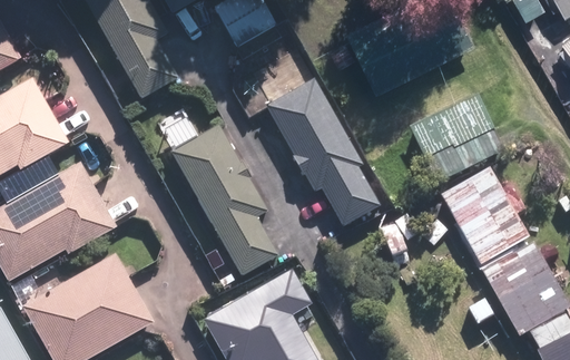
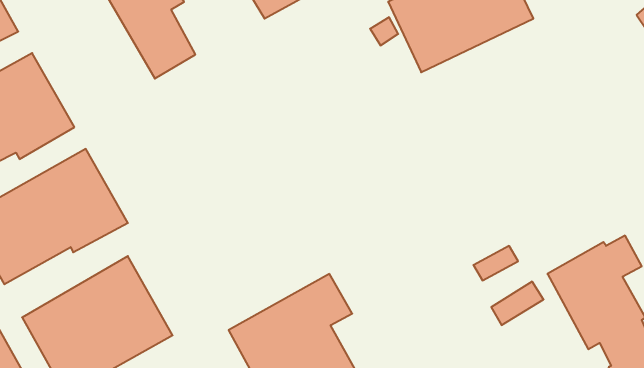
building: [263,77,380,227] -> none
building: [405,94,500,183] -> none
building: [169,124,276,276] -> none
building: [440,165,527,264] -> none

